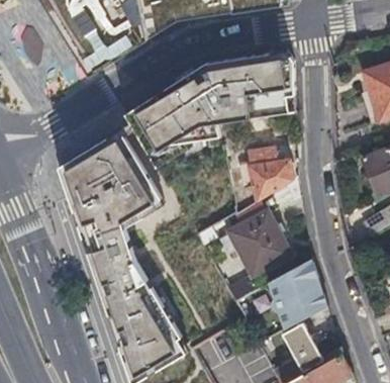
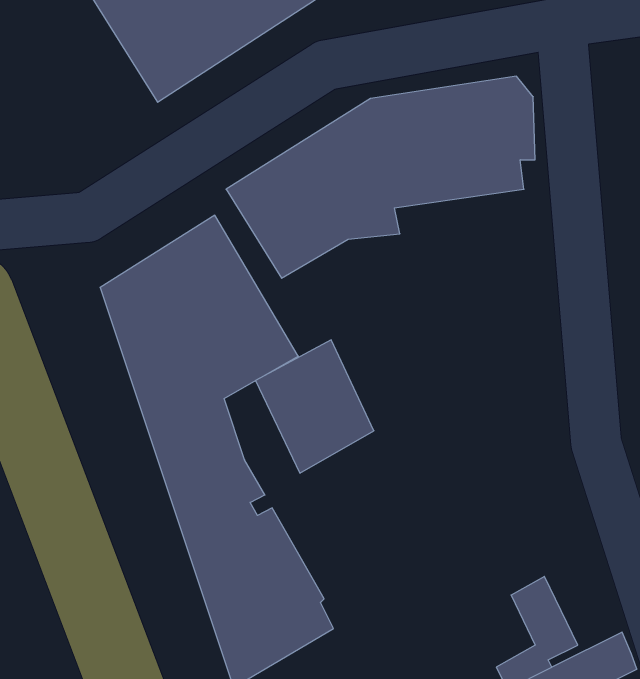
building: [245,147,294,200] -> none
building: [228,210,293,283] -> [255,340,374,473]
building: [270,258,329,328] -> none

